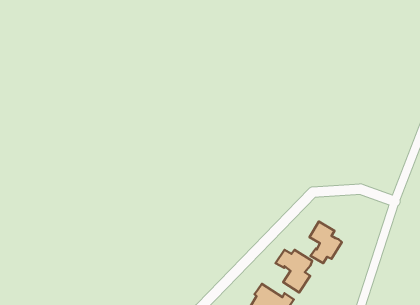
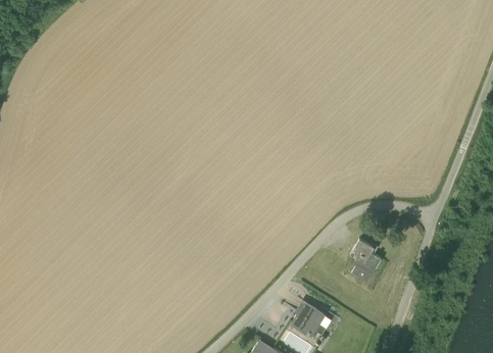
building: [276,250,312,293] -> none

